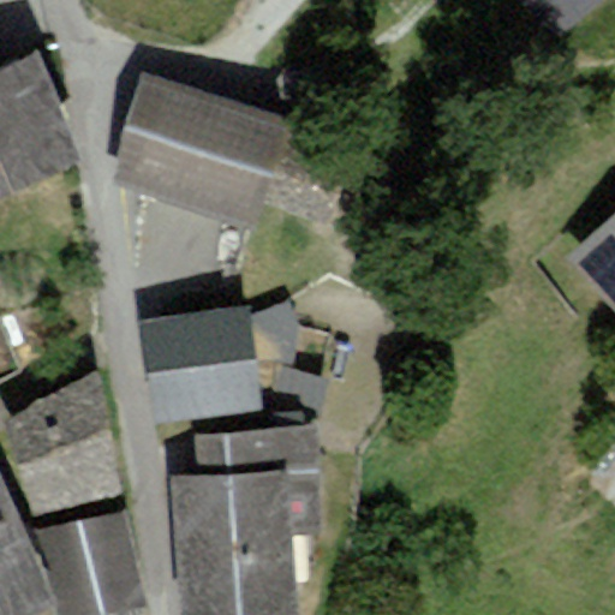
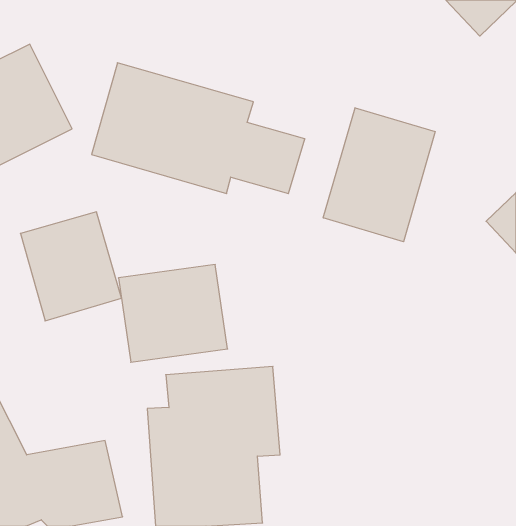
building: none -> [323,108,435,242]
building: [5,383,123,510] -> [20,212,121,321]

